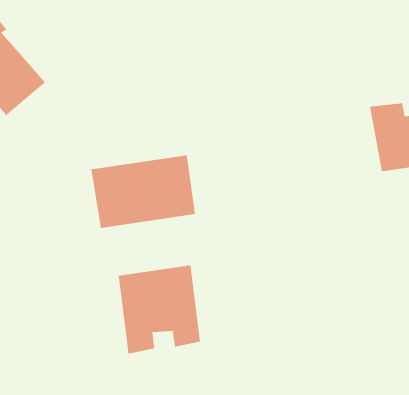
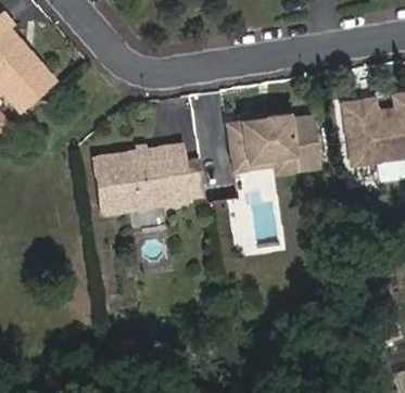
building: none -> [228,112,322,170]
building: [118,264,200,355] -> none

